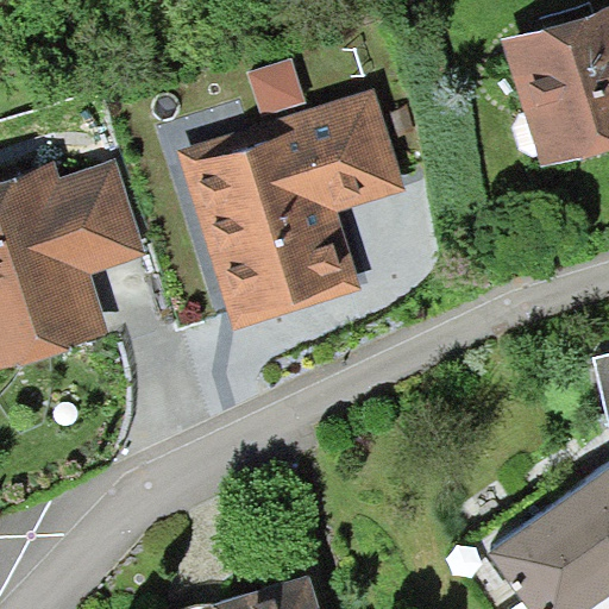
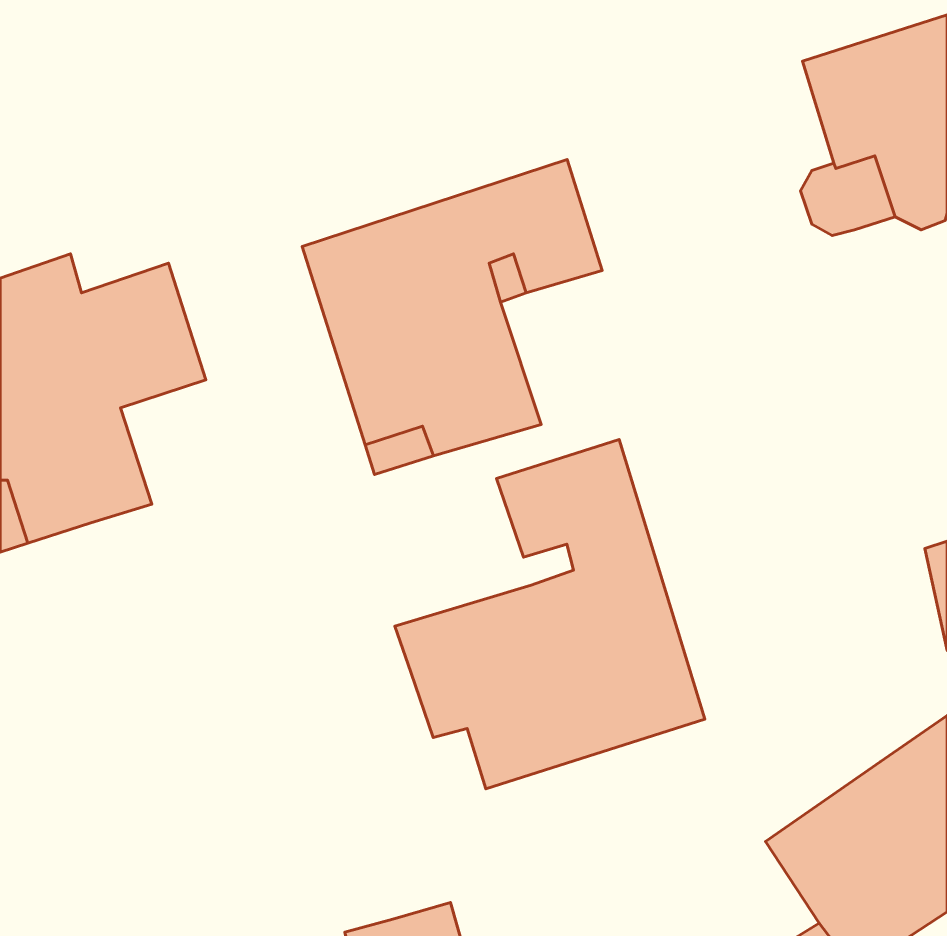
building: none -> [395,439,705,789]

